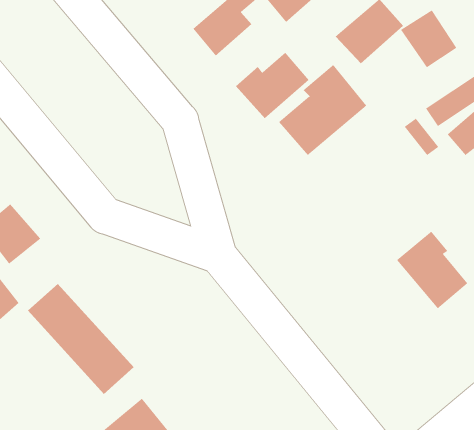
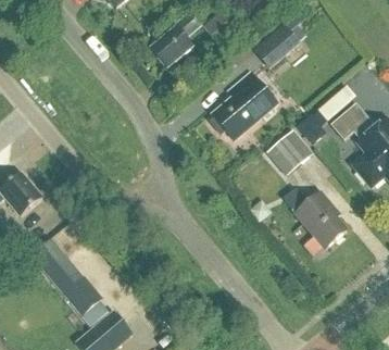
building: [400,10,457,68] -> none
building: [235,52,310,119] -> none
building: none -> [266,132,314,179]

